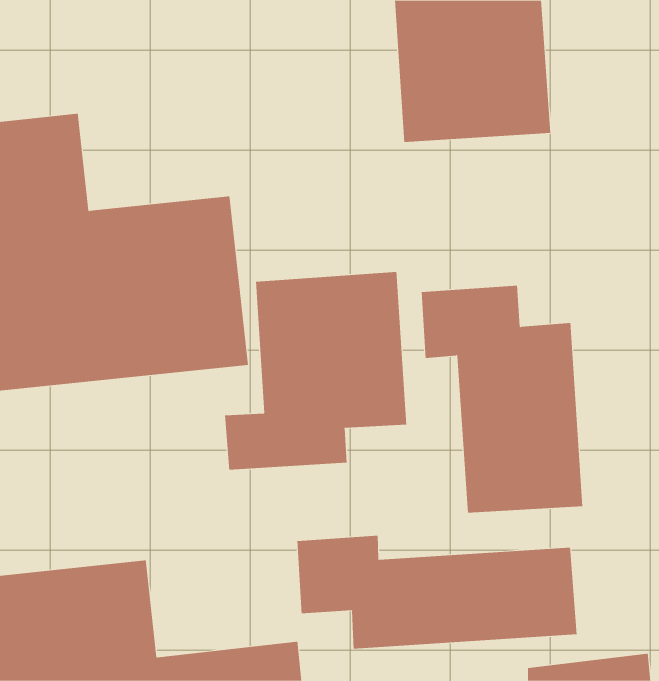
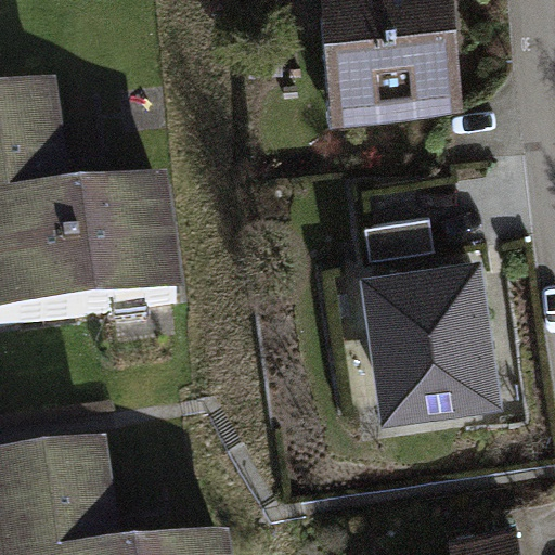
building: [225,271,407,471] -> none
building: [297,535,577,649] -> none

